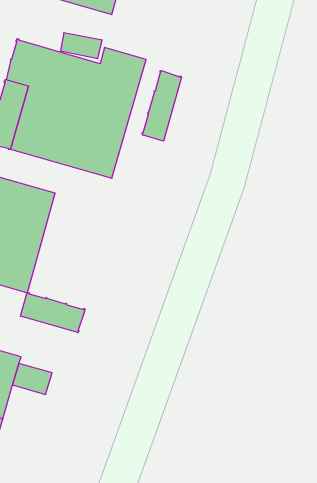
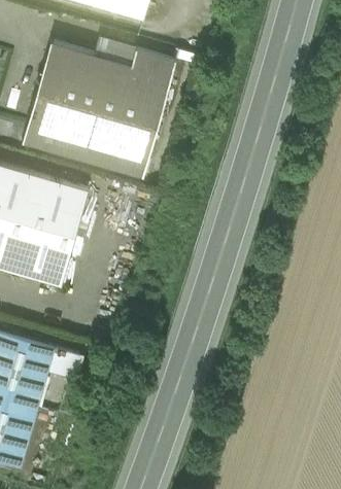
building: [142,71,182,141] -> none
building: [20,293,85,333] -> none

